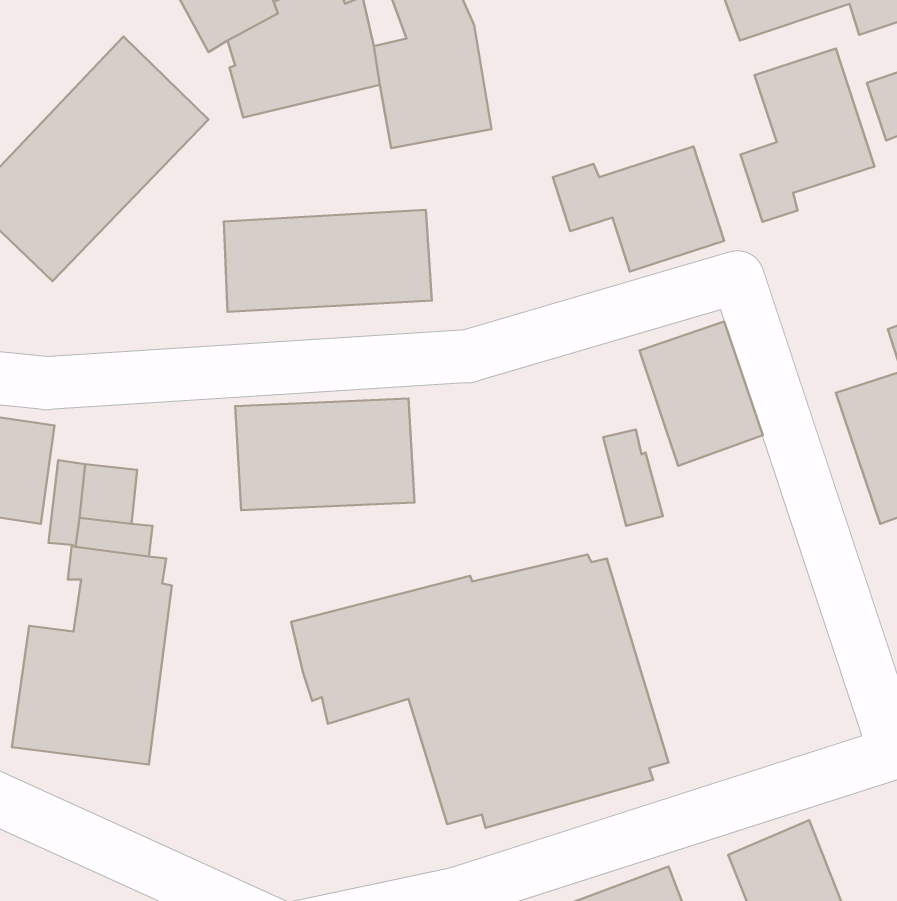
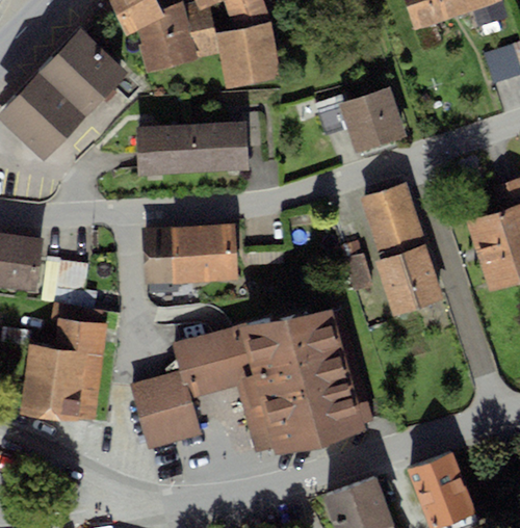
building: [740,49,874,222] -> none
building: none -> [375,243,446,317]
building: none -> [129,371,202,450]

